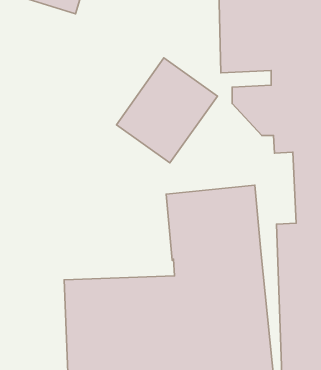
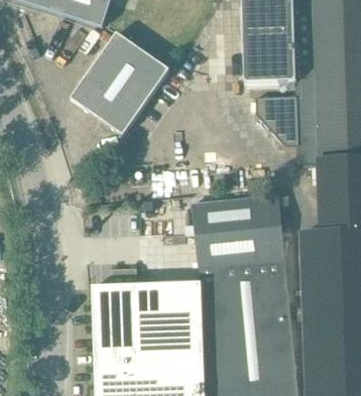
building: [116,58,217,163] -> [71,31,169,134]

